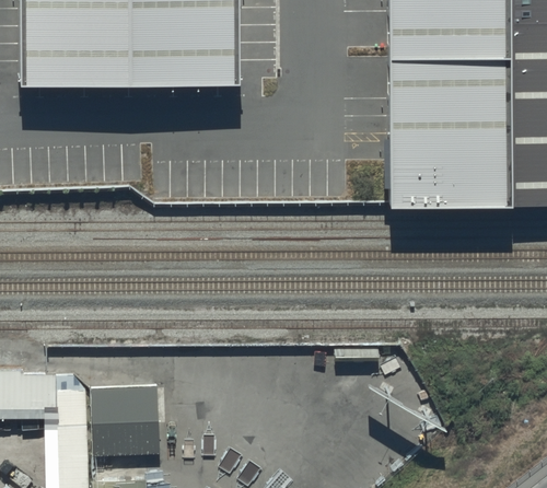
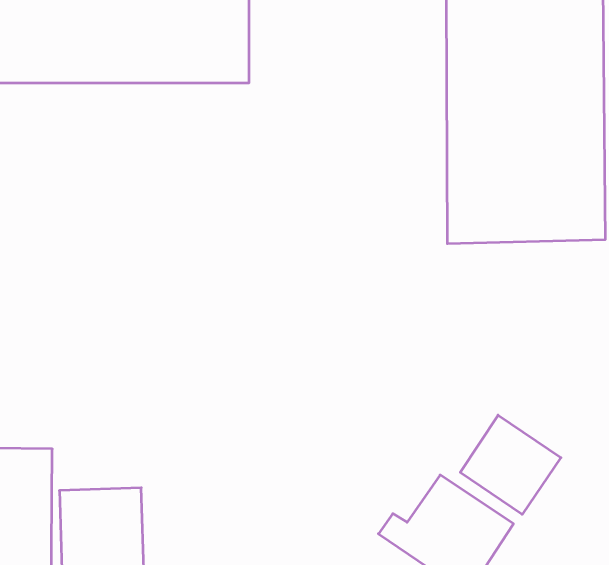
building: none -> [460,415,561,514]

